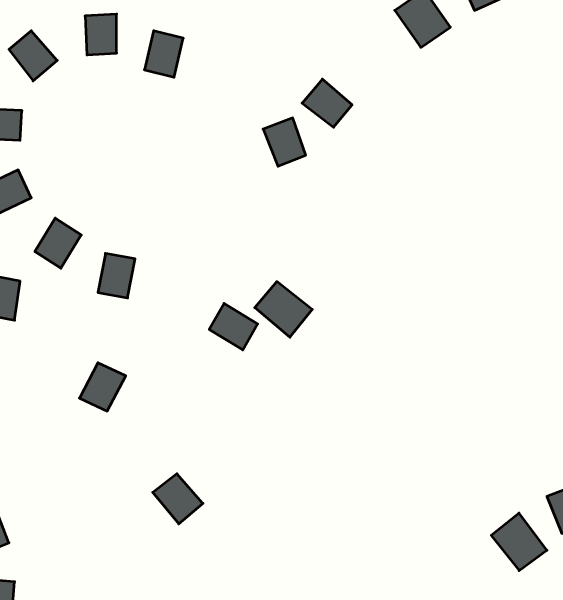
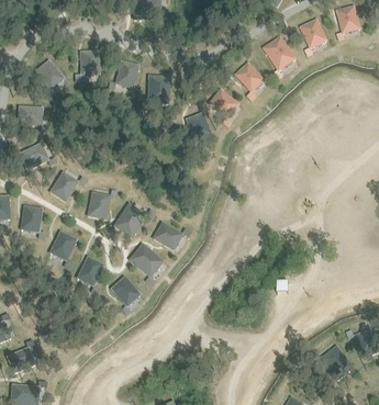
building: none -> [234,63,264,92]
building: none -> [147,76,168,103]
building: none -> [113,203,145,237]
building: [255,282,312,337] -> [129,244,163,277]
building: none -> [49,230,76,260]
building: [153,474,203,524] -> [110,277,140,306]

